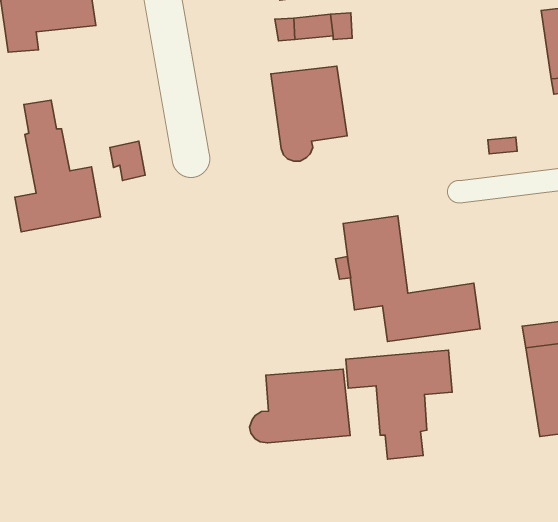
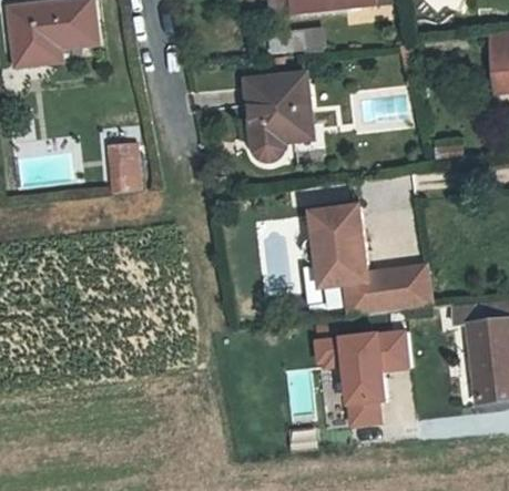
building: [15,100,101,232] -> none
building: [249,369,350,443] -> none

